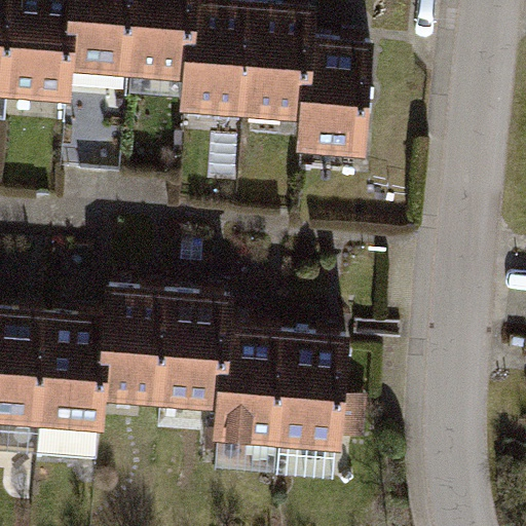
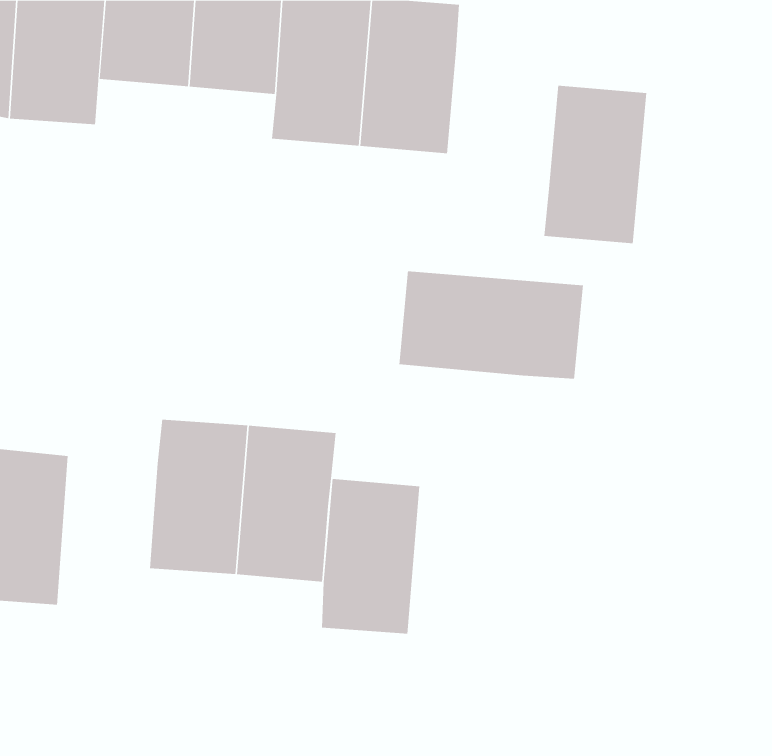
building: [299,49,369,156] -> [544,85,647,244]
building: none -> [399,270,583,379]
building: [39,323,106,428] -> none
building: [275,343,344,448] -> none

